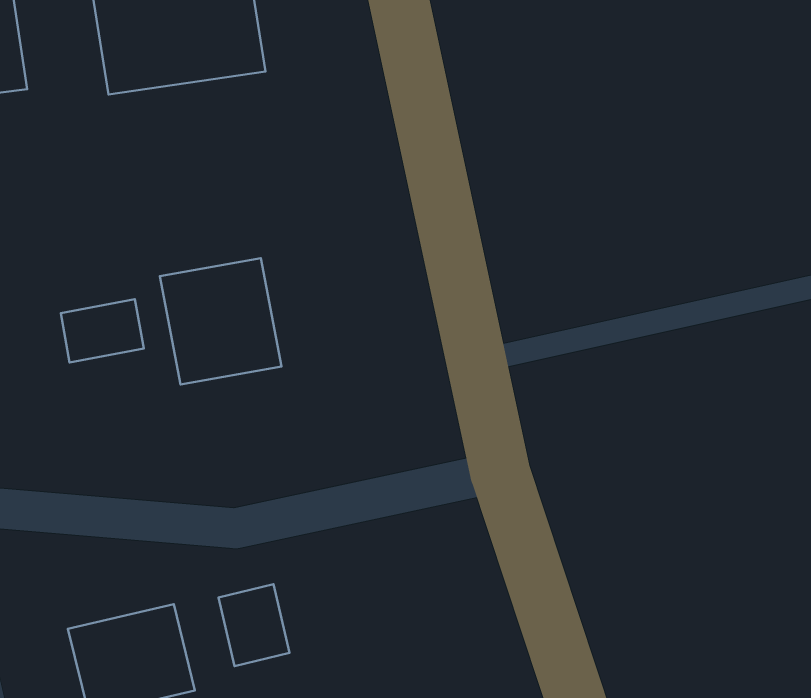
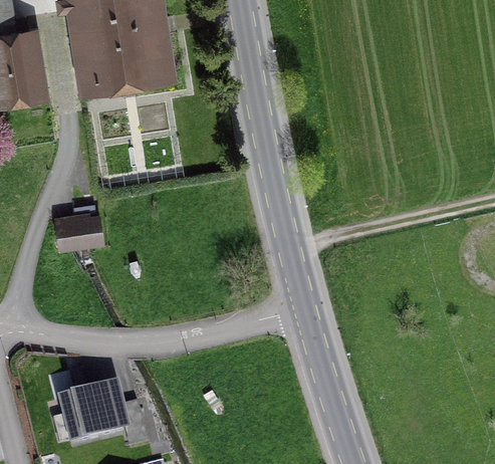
building: [160,258,282,385] -> none
building: [219,584,290,666] -> none

